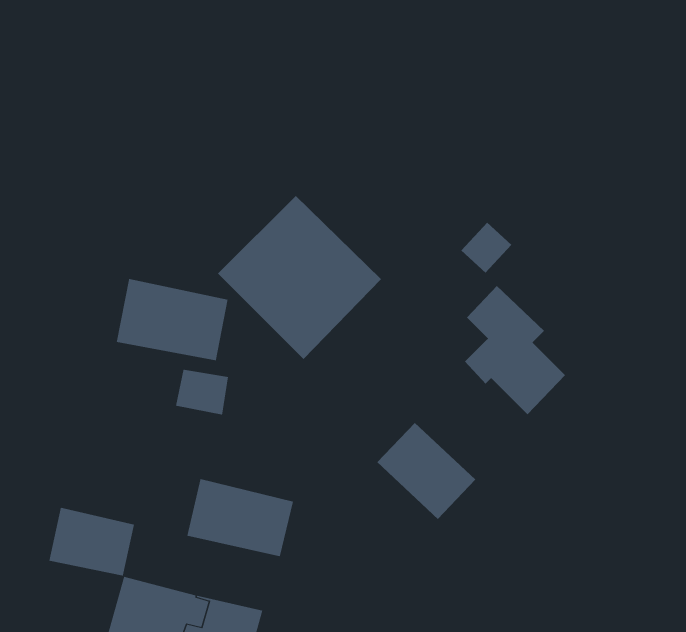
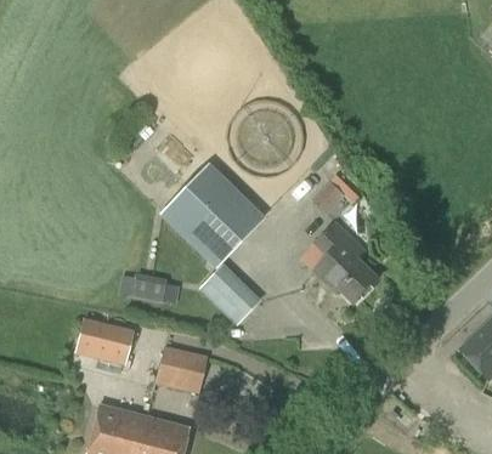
building: [116,278,228,361] -> none
building: [377,422,476,520] -> [198,263,261,325]
building: [49,507,135,576] -> [80,324,135,368]

